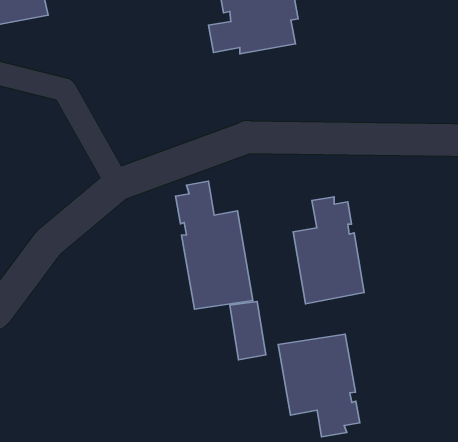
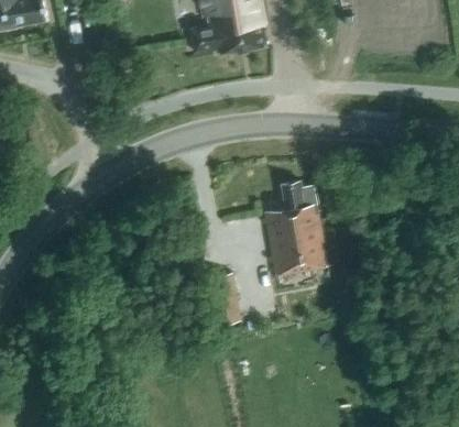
building: [176,181,253,309] -> none
building: [278,334,360,437] -> none

